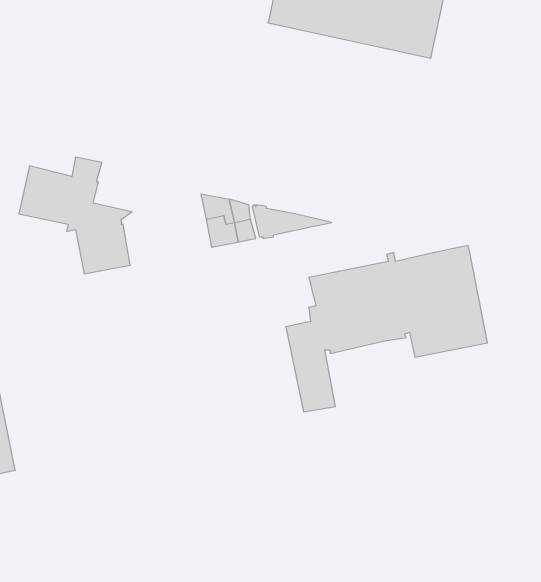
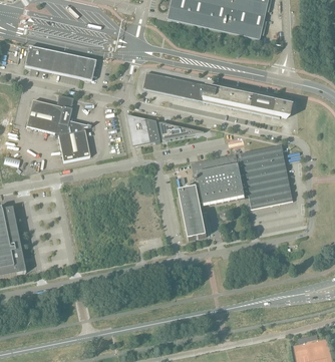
building: none -> [24,45,95,80]
building: none -> [143,71,289,116]

